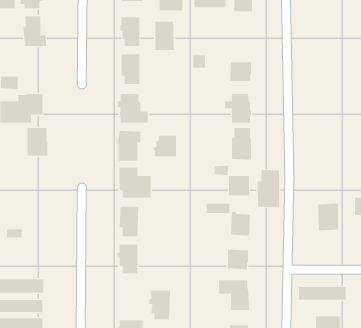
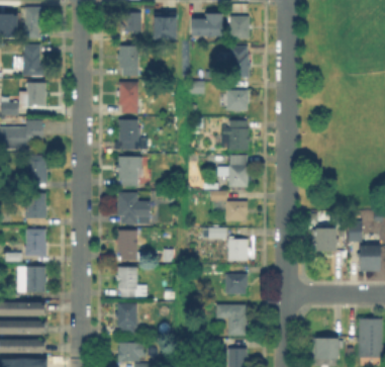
building: none -> [230,47,251,78]
building: [155,21,175,51] -> none
building: none -> [27,84,45,106]
building: [153,135,177,157] -> none
building: none -> [26,194,49,219]
building: [257,169,279,208] -> none
building: none -> [25,230,47,257]
building: none -> [26,267,46,292]
building: [299,286,346,301] -> none
building: [148,290,171,320] -> [116,302,138,332]

